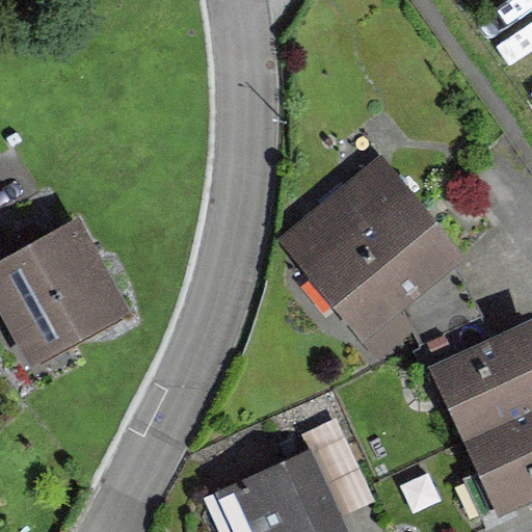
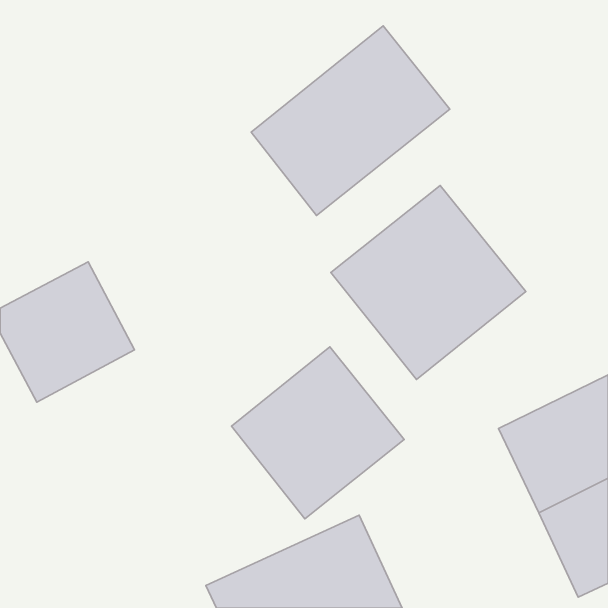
building: none -> [251,26,450,215]
building: none -> [231,347,404,519]

